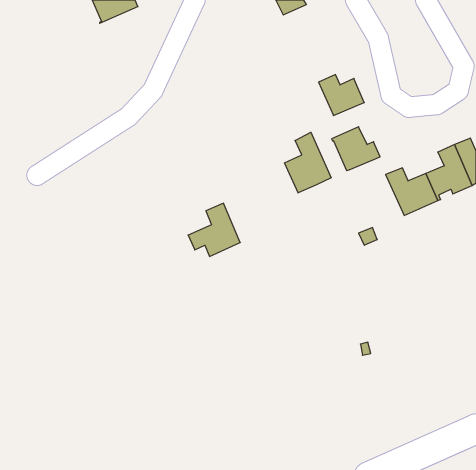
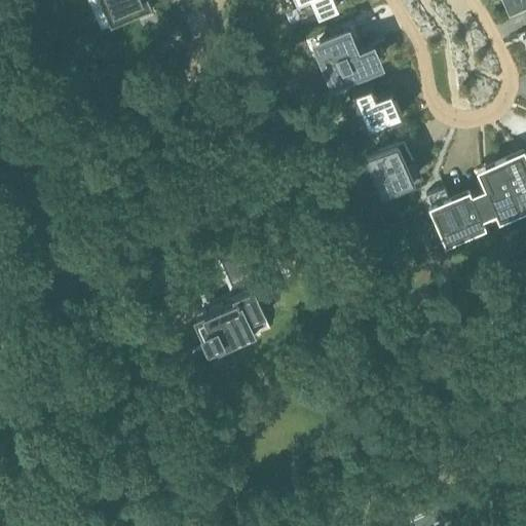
building: none -> [318,35,378,85]
building: [285,132,331,193] -> none
building: none -> [196,294,270,364]

